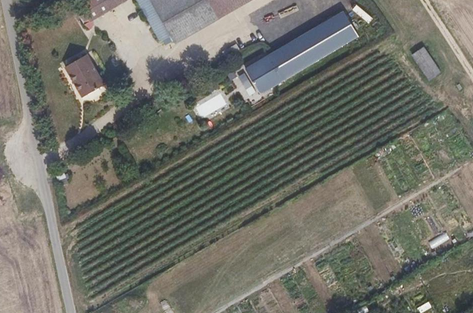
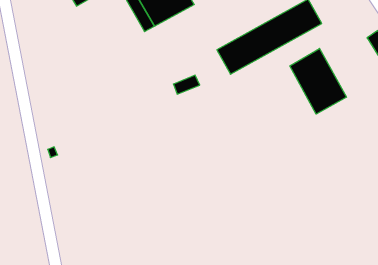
building: [64,53,102,95] -> none
building: none -> [290,48,346,114]

